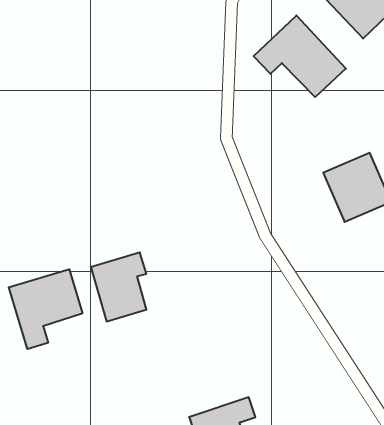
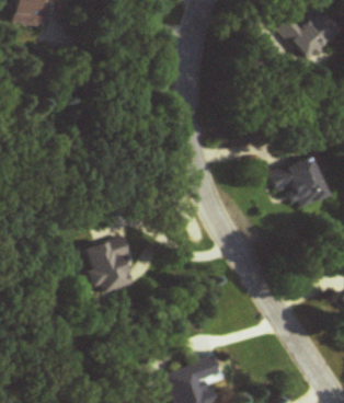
building: [254,15,346,97] -> none
building: [9,269,82,349] -> none

